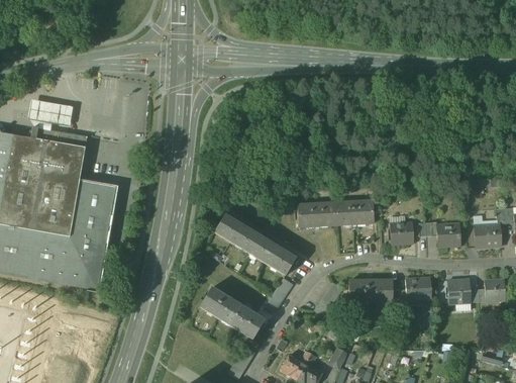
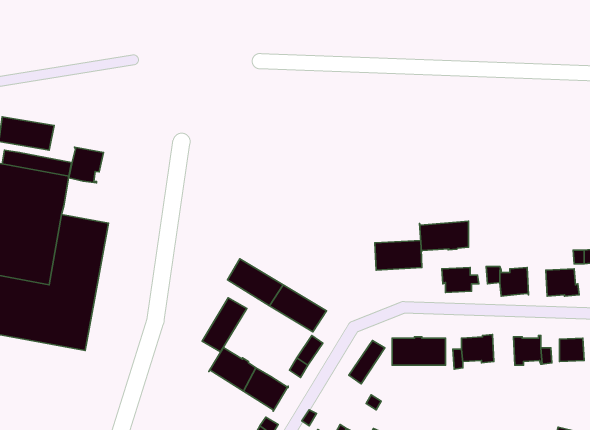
building: none -> [69,147,103,183]
building: none -> [419,221,469,252]
building: [297,202,335,227] -> none
building: none -> [202,298,247,352]

